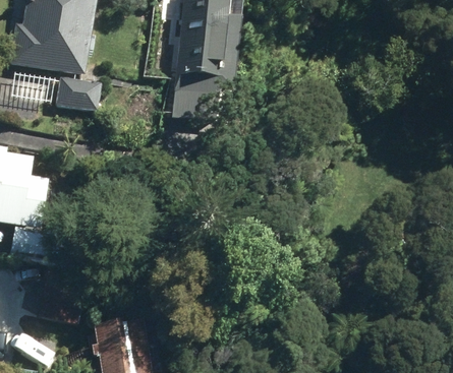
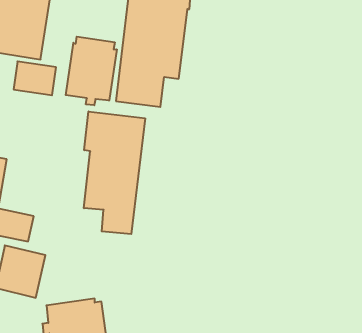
building: none -> [66,37,117,105]
building: none -> [84,111,145,234]

